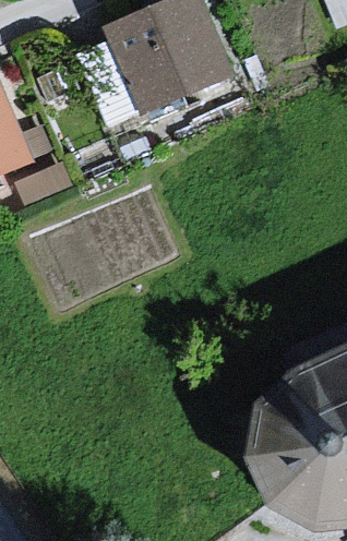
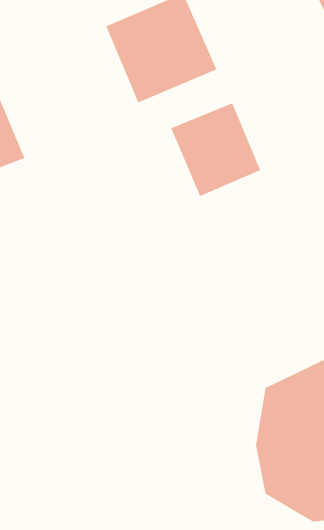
building: none -> [171,103,261,197]

